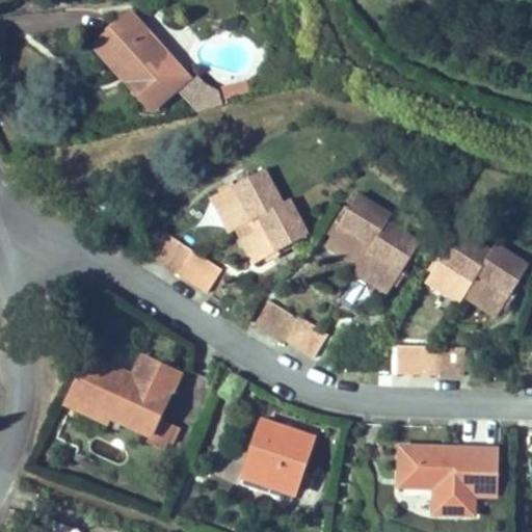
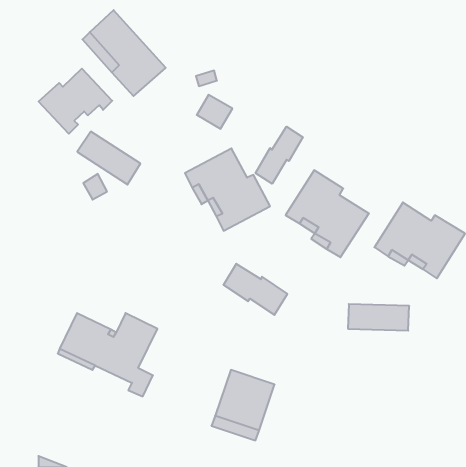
building: [177,75,217,113] -> [197,95,232,129]
building: none -> [39,69,112,134]
building: none -> [256,127,303,184]
building: [149,232,220,292] -> [77,132,140,185]
building: [398,446,498,513] -> none

